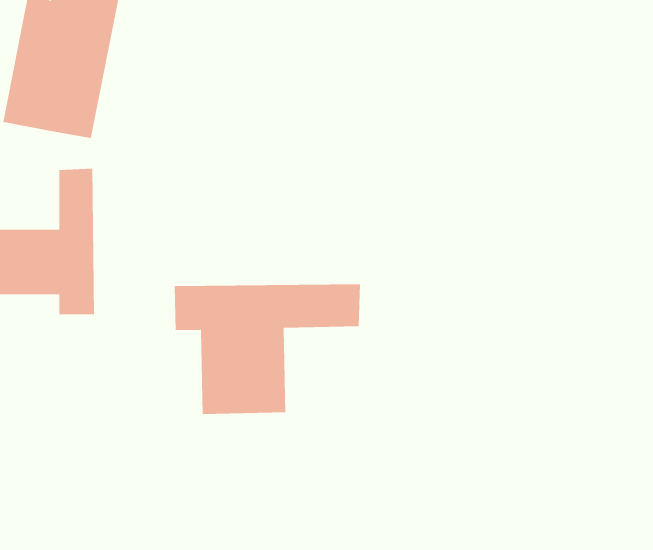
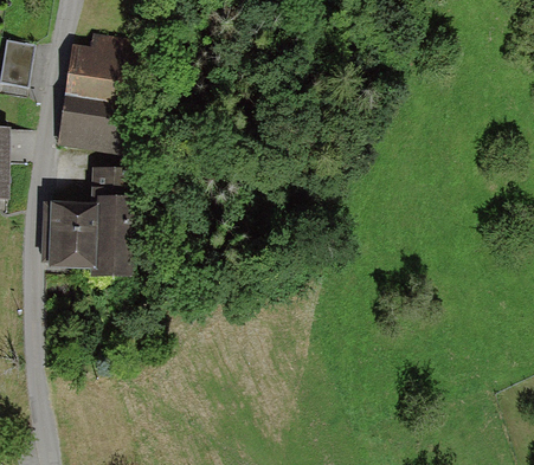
building: [174,284,360,415] -> none

